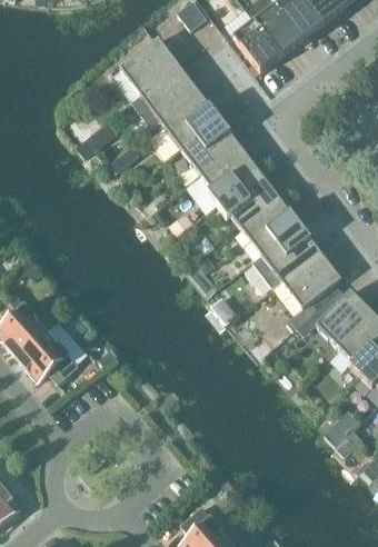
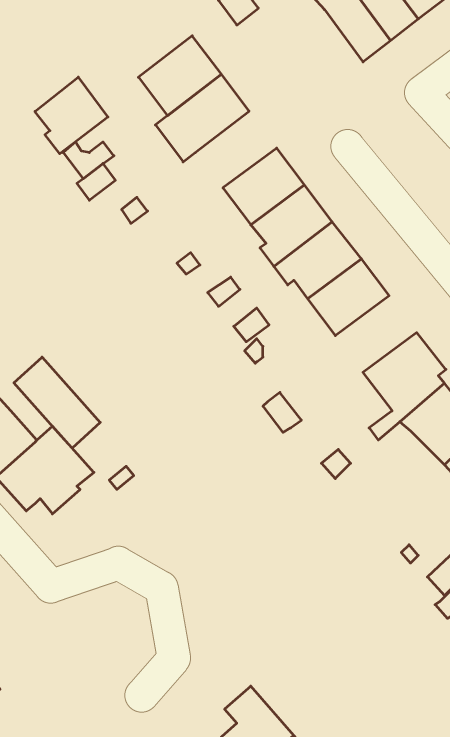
building: [232,19,282,72] -> none
building: none -> [35,77,108,154]
building: [161,92,220,148] -> none
building: [252,226,321,289] -> none
building: none -> [14,357,100,448]

